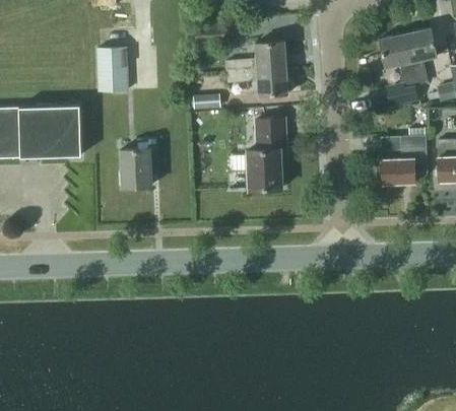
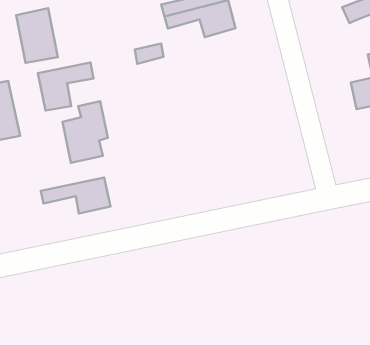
building: none -> [38,63,93,110]
building: [247,119,285,190] -> none
building: none -> [41,178,110,214]

